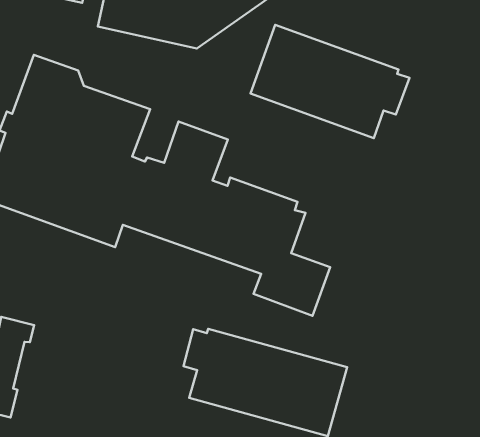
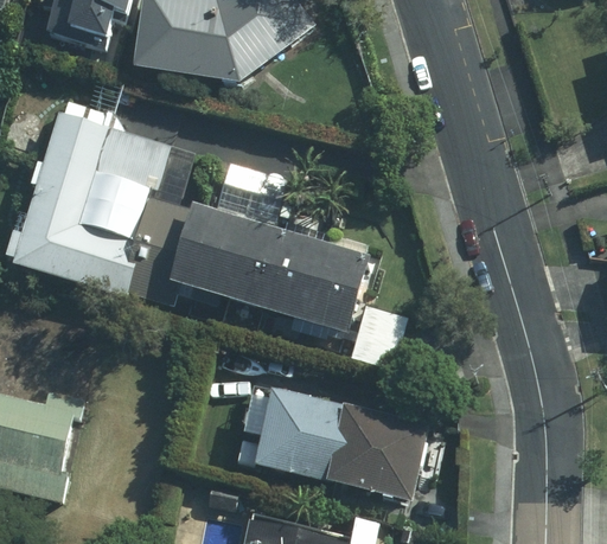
building: [251,25,409,138] -> none

